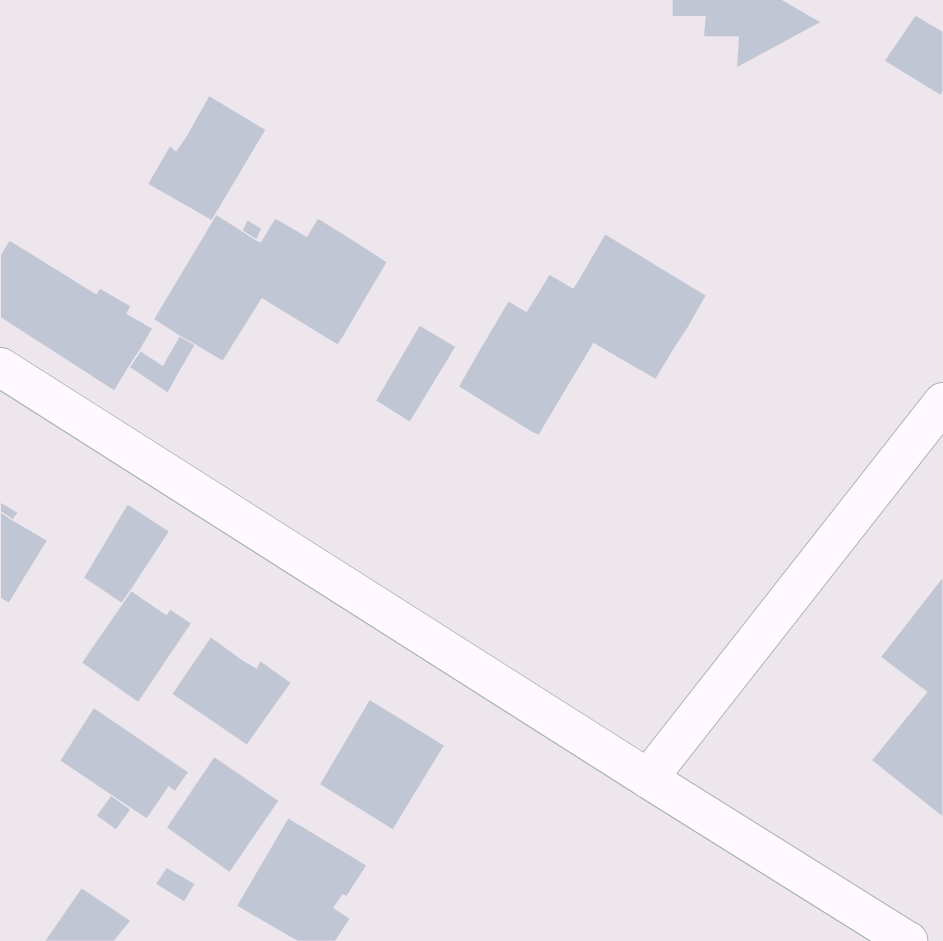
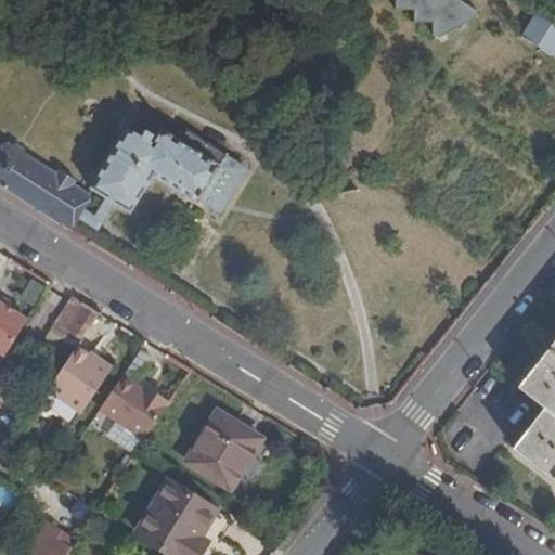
building: [147,95,266,221] -> none
building: [458,233,706,436] -> none
building: [375,325,456,423] -> [202,154,249,211]
building: [60,707,189,819] -> none
building: [166,756,279,873] -> none

